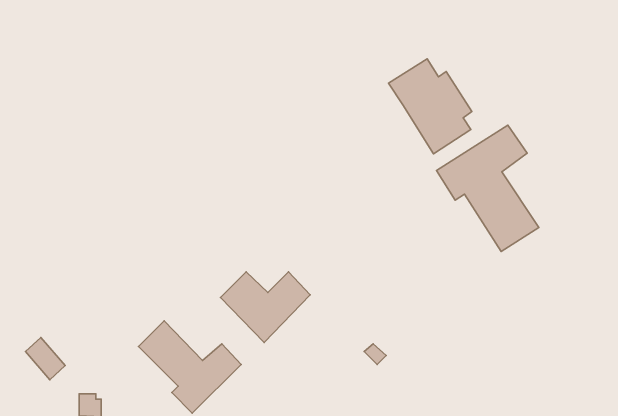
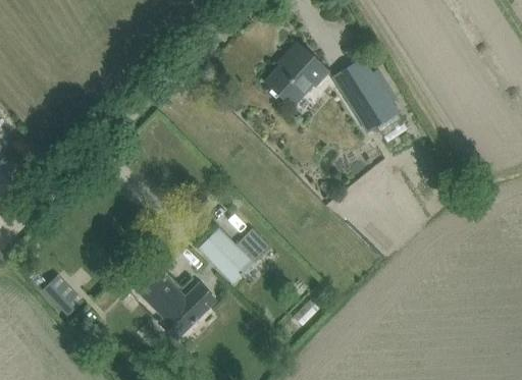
building: none -> [265,43,328,107]
building: [436,125,539,251] -> none

